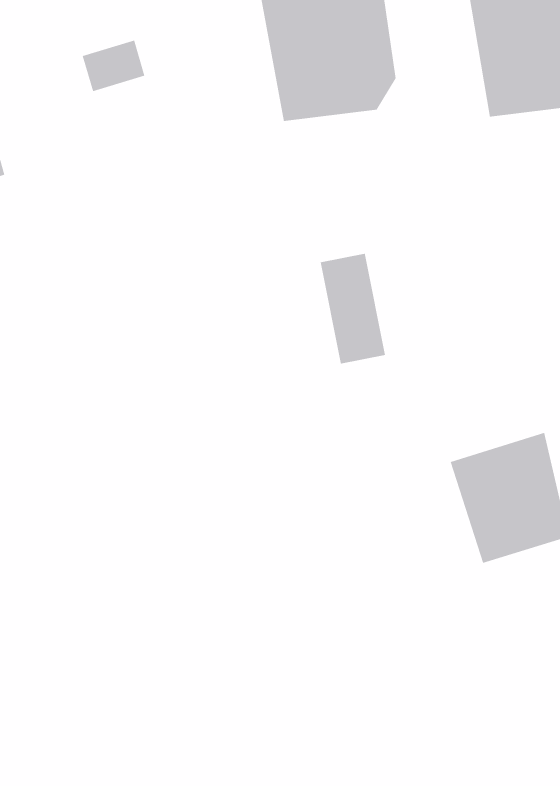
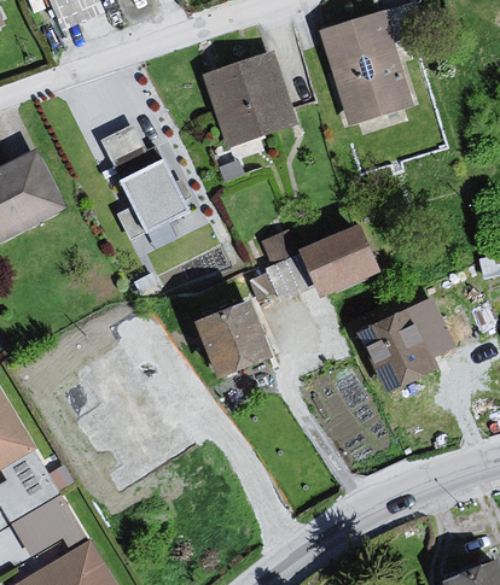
building: none -> [122,156,192,233]
building: none -> [302,227,380,297]
building: none -> [199,303,277,376]

